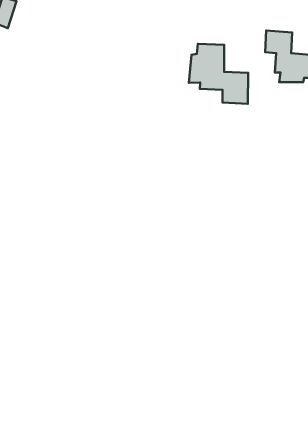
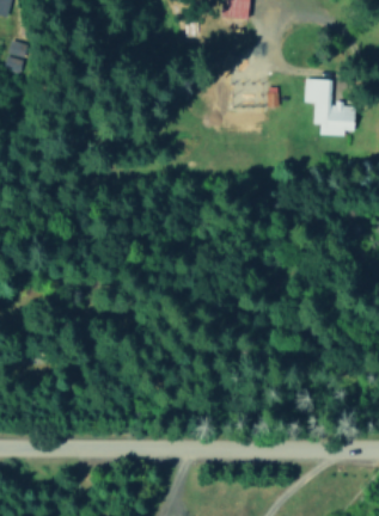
building: [189,44,248,104] -> none

